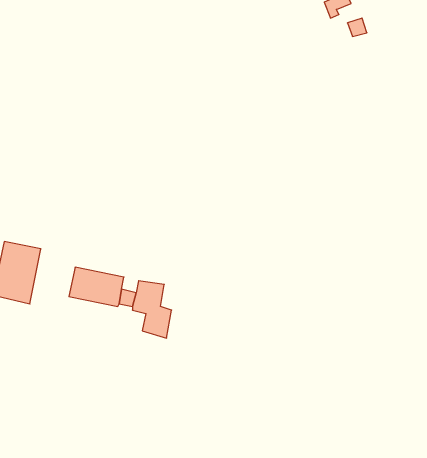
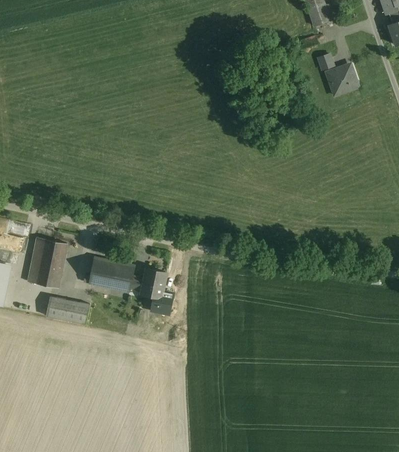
building: none -> [325,64,358,95]
building: none -> [46,296,89,324]

